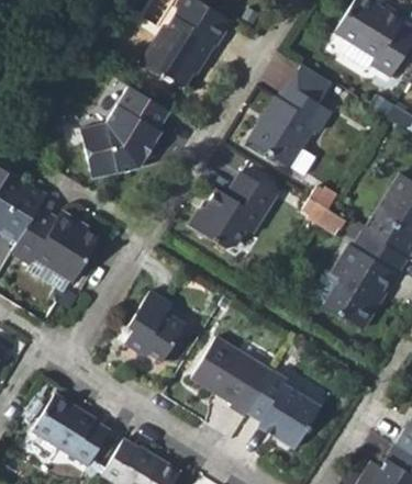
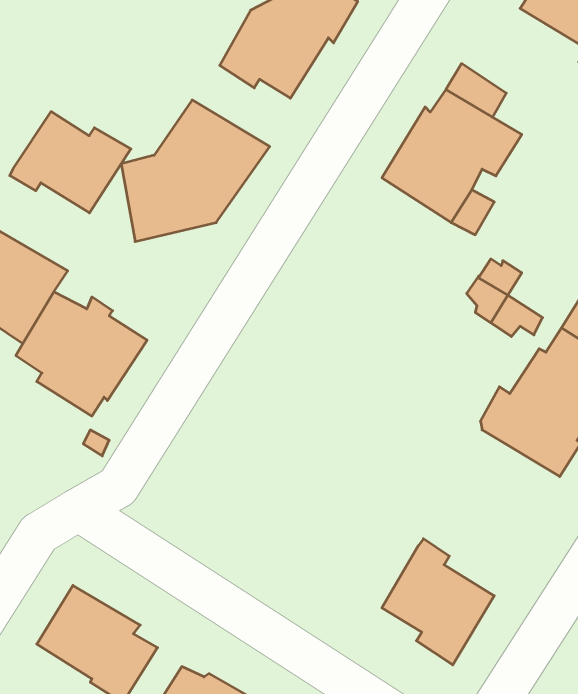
building: none -> [10,112,131,213]
building: [190,172,280,247] -> none
building: [119,292,183,359] -> none
building: [192,336,271,415] -> none

